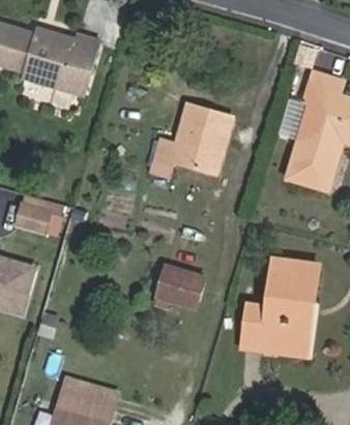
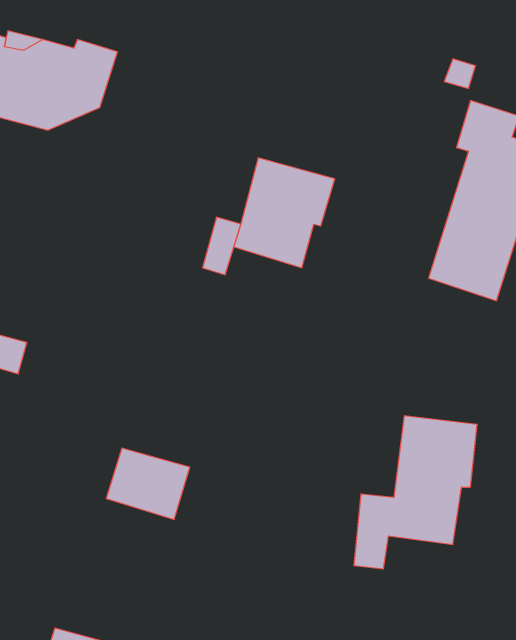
building: [154,267,204,309] -> [106,448,190,520]
building: [261,301,313,355] -> none

